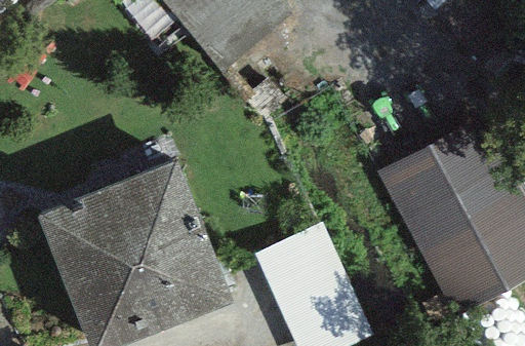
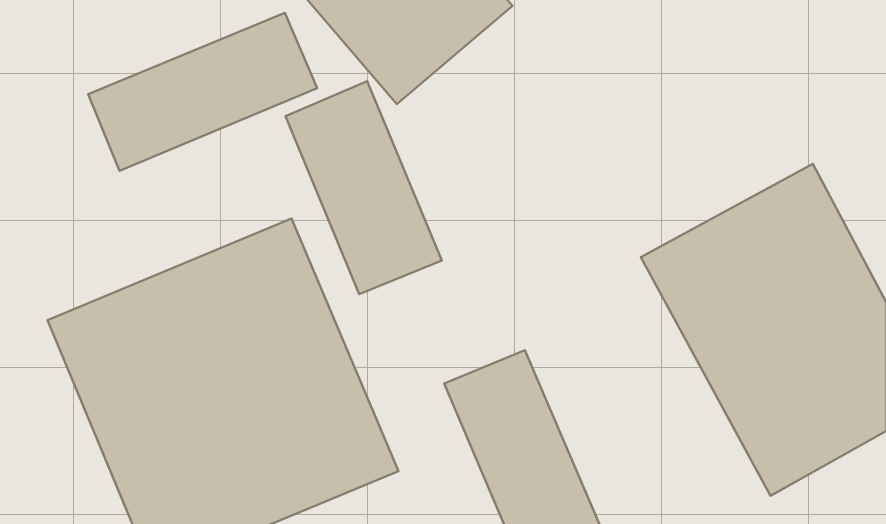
building: none -> [88,13,317,171]
building: none -> [286,81,442,294]

